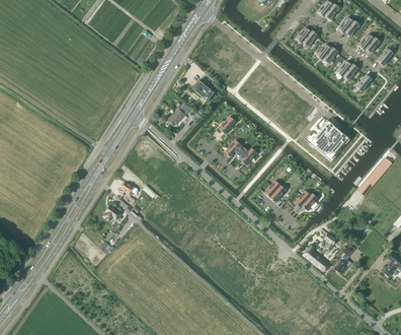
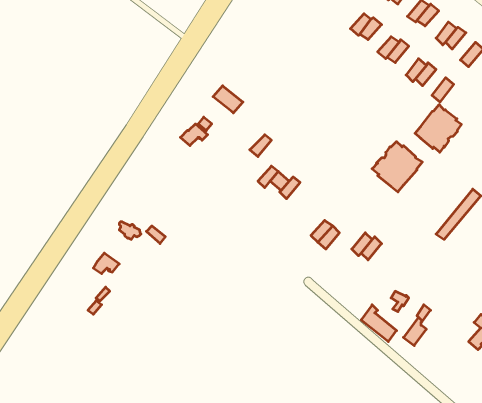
building: none -> [415,105,461,152]

